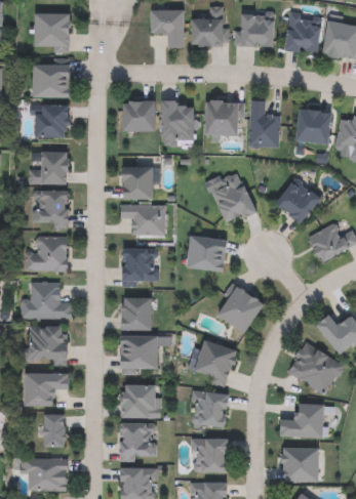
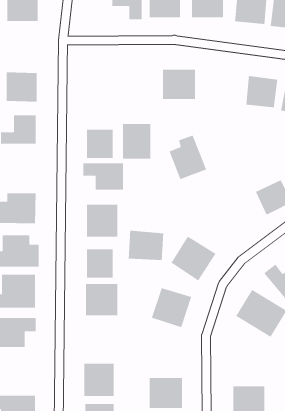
building: [33,65,70,97] -> none
building: [123,101,155,131] -> none
building: [161,101,193,141] -> [122,123,151,160]
building: [248,101,278,148] -> none
building: [275,180,319,223] -> none
building: [33,190,68,226] -> none
building: [187,237,227,271] -> [128,230,164,261]
building: [122,385,160,419] -> none
building: [190,392,228,427] -> none
building: [280,405,324,439] -> none
building: [44,415,67,447] -> none

